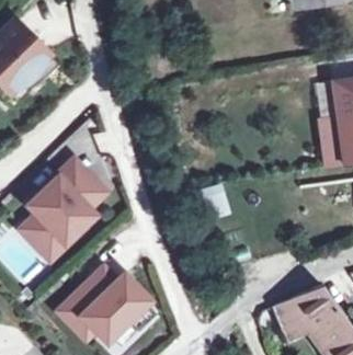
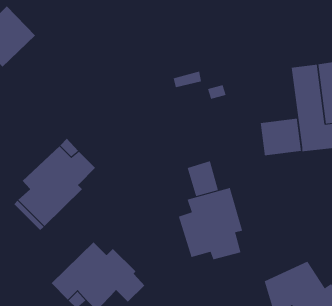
building: none -> [260,118,301,156]
building: none -> [178,187,243,260]

